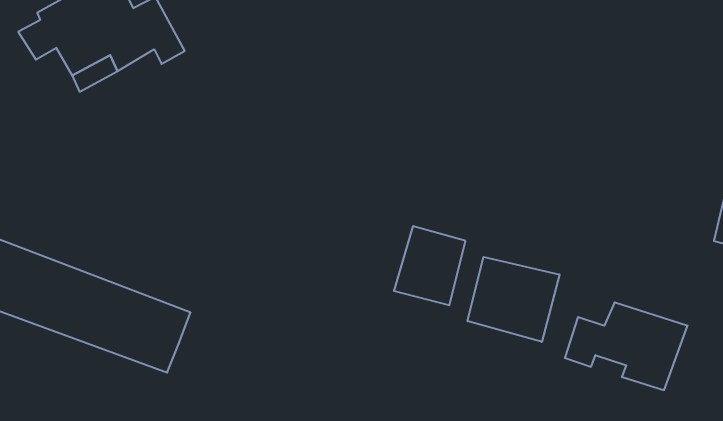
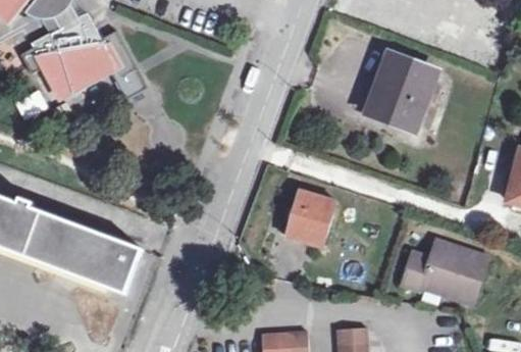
building: none -> [368,56,435,129]
building: [468,257,560,342] -> none

